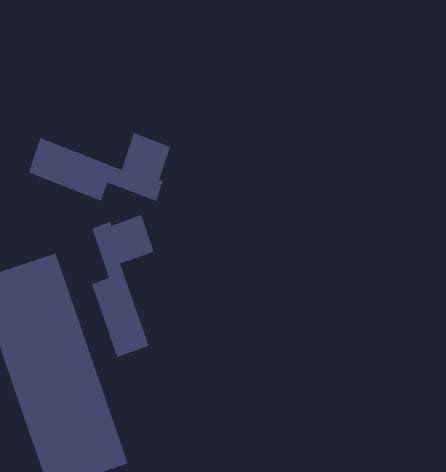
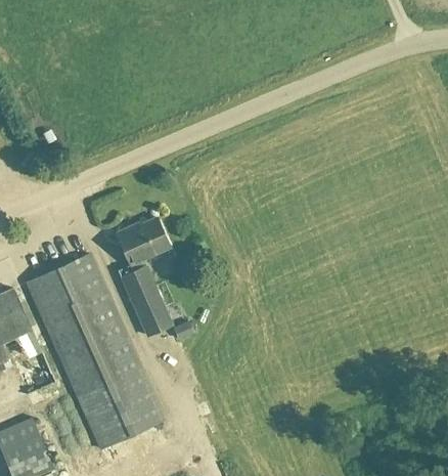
building: [28,132,171,202] -> none

